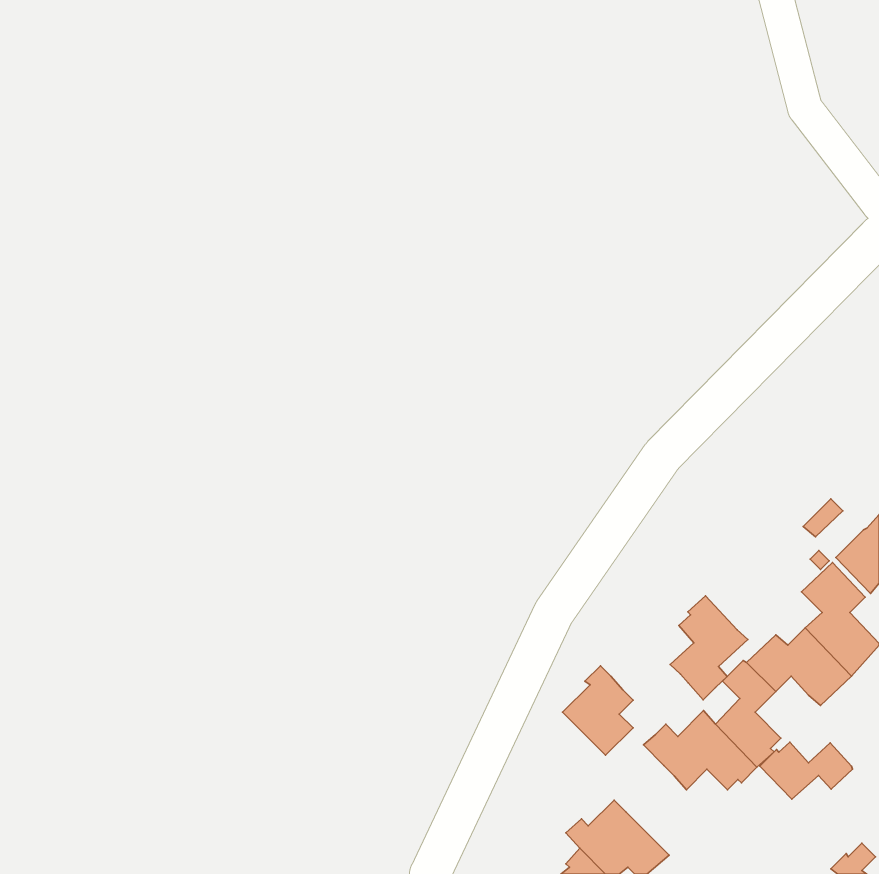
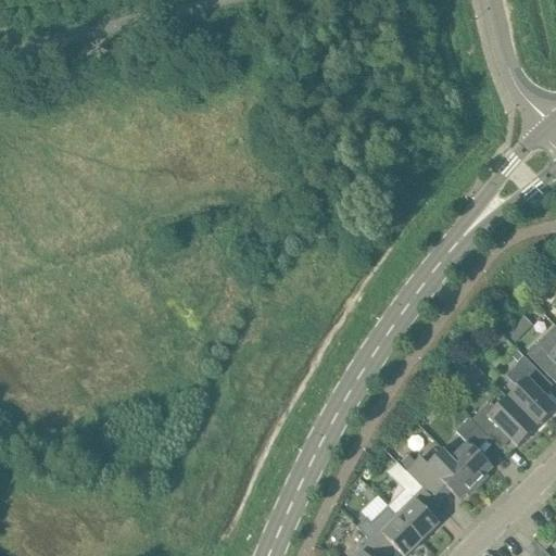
building: [670,596,748,700] -> none
building: [563,666,633,755] -> [395,483,440,540]
building: [760,742,853,799] -> none

